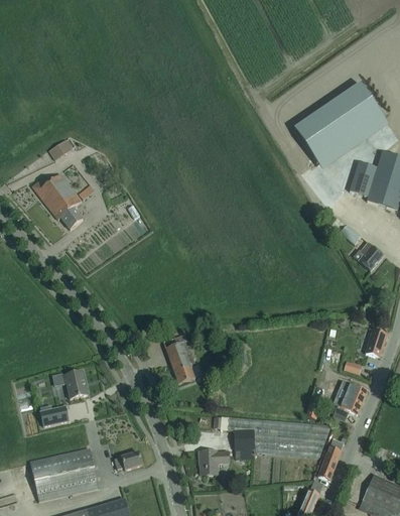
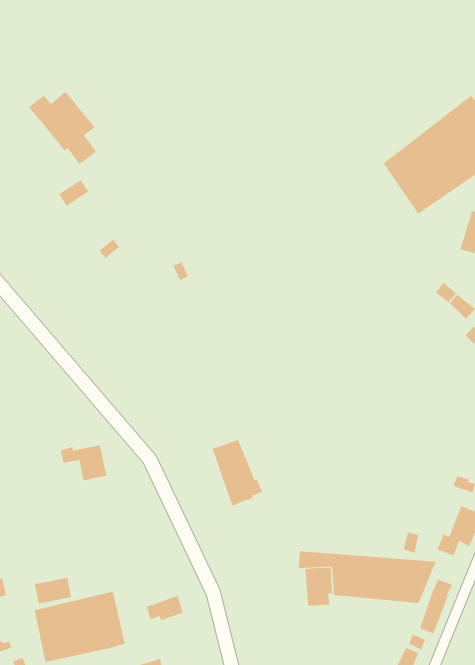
building: [31,174,83,230] -> [28,91,97,165]
building: [52,372,88,399] -> [60,445,107,481]
building: [40,406,69,426] -> [34,577,72,604]
building: [199,452,229,476] -> none

